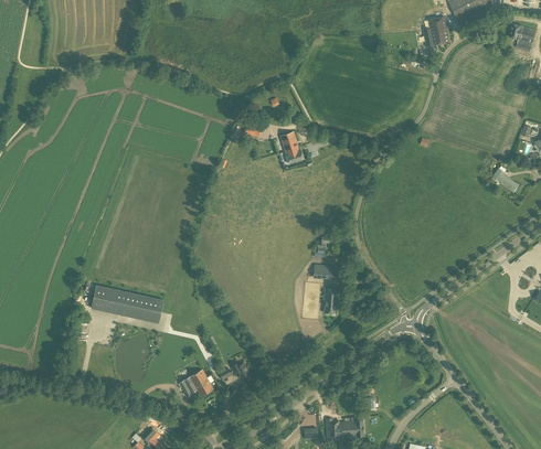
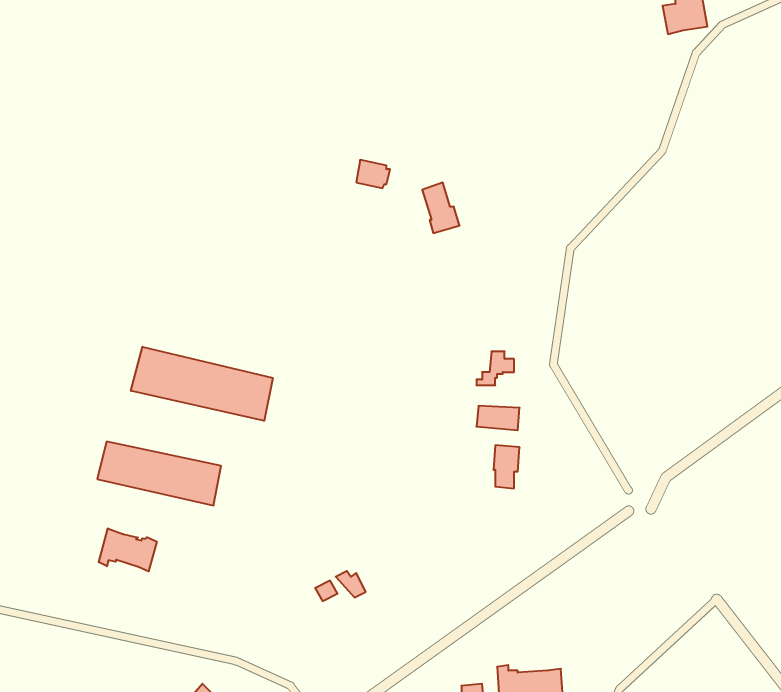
building: none -> [131,347,273,421]
building: none -> [99,528,157,571]
building: [179,370,212,396] -> none

